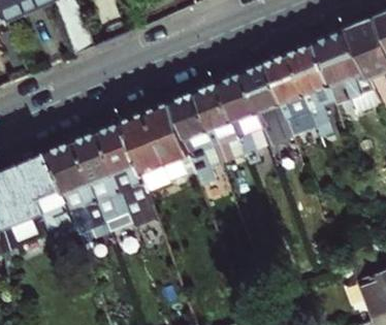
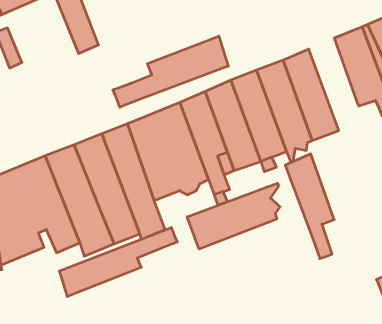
building: none -> [113,36,228,107]
building: [290,40,335,137] -> [285,154,334,259]
building: none -> [187,183,280,249]
building: none -> [59,227,177,297]

